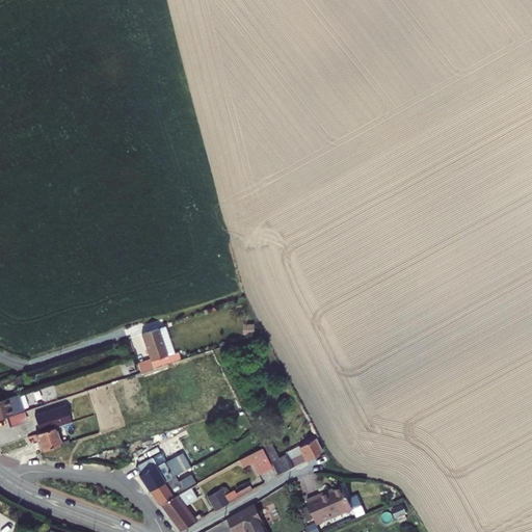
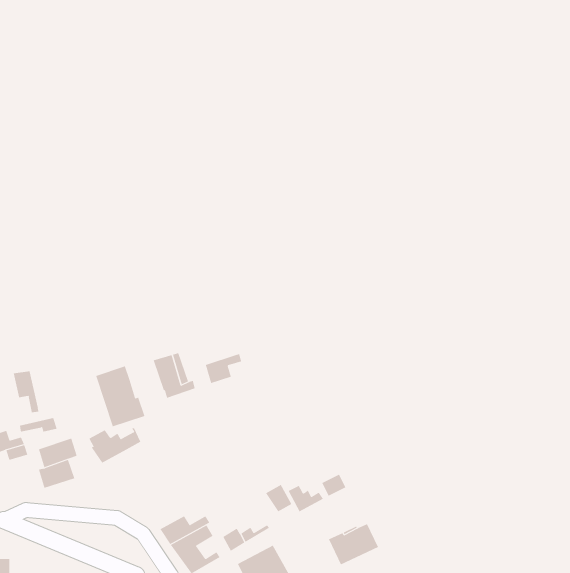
building: none -> [205,353,242,384]
building: none -> [95,366,145,427]
building: none -> [13,370,39,413]
building: [135,457,184,490] -> [88,427,141,463]

